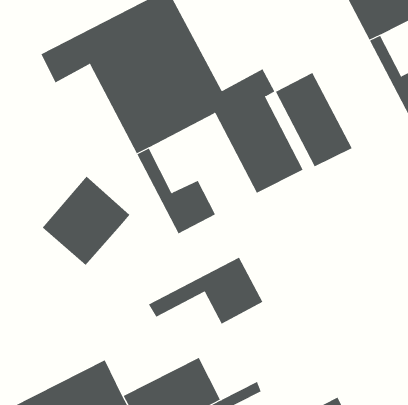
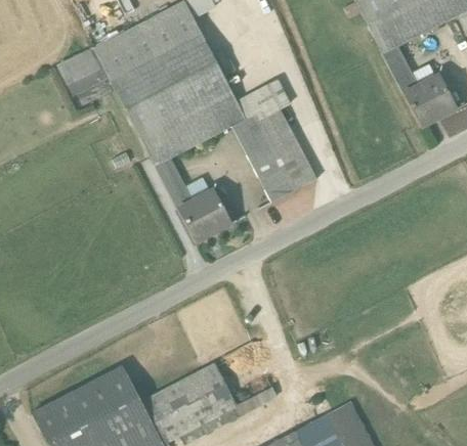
building: [275,72,352,167] -> none
building: [42,176,130,266] -> none
building: [148,257,263,325] -> none

